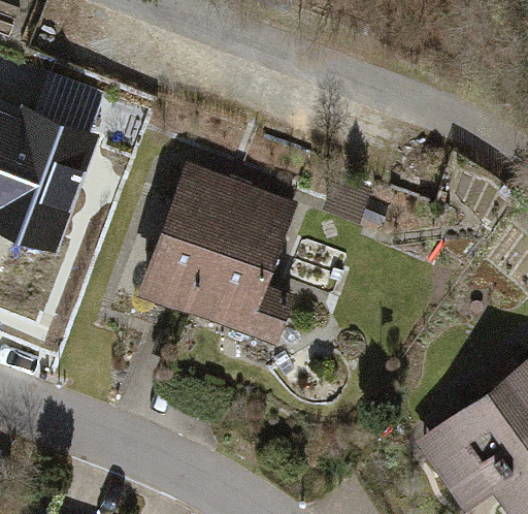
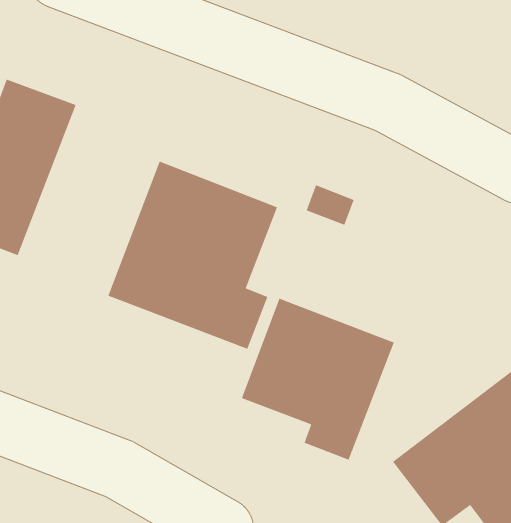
building: none -> [241,298,394,461]

